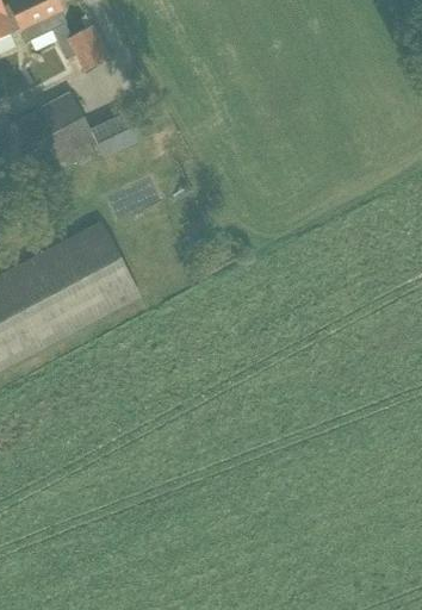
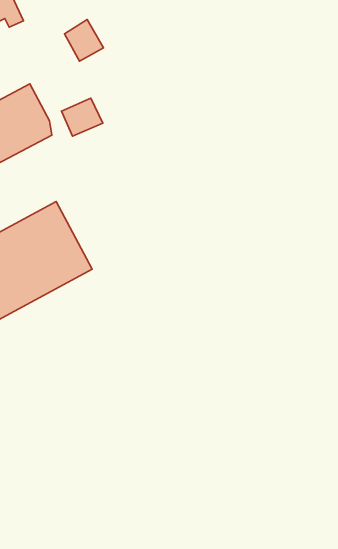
building: [68,25,111,70] -> [64,20,104,61]

